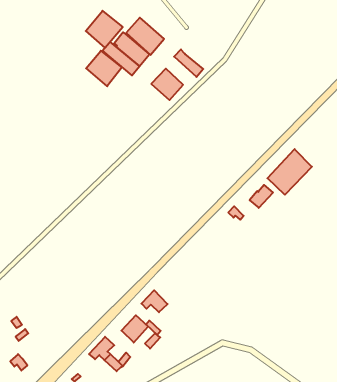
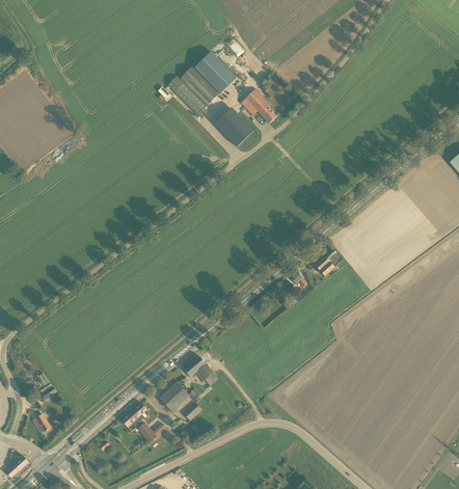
building: [86,11,123,48] -> none
building: [86,51,122,86] -> none
building: [267,149,312,195] -> none

